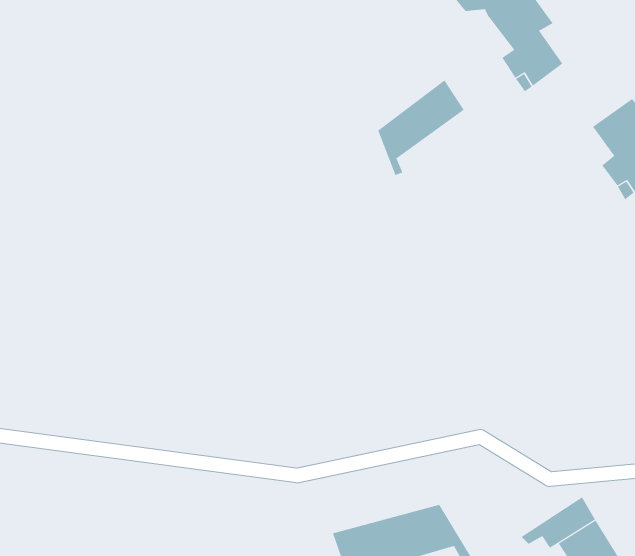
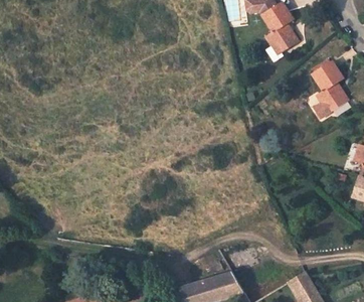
building: [377,79,465,176] -> none

